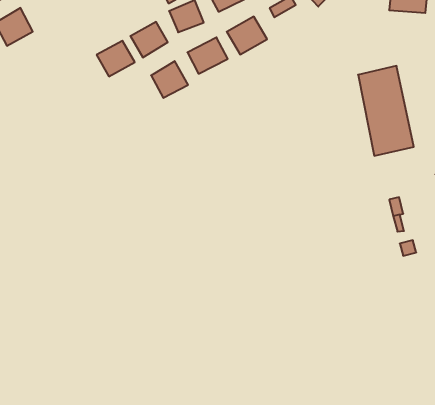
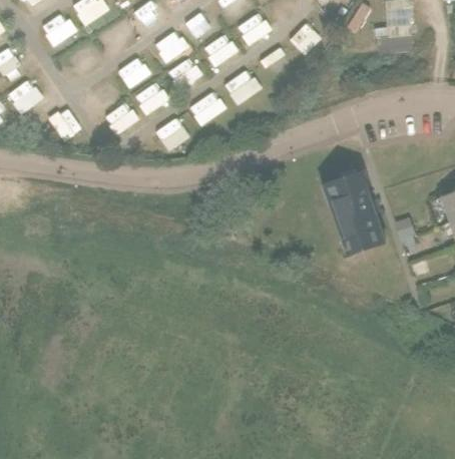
building: [358,66,414,156] -> [323,173,380,259]

